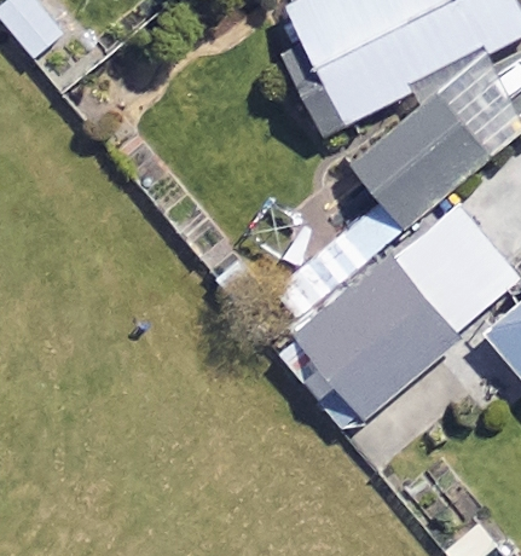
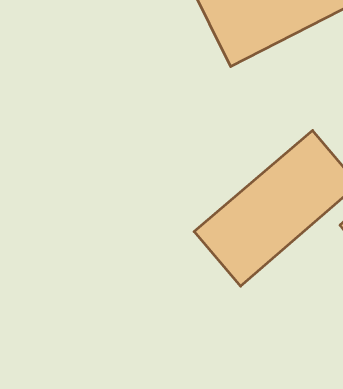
building: [353,99,484,231] -> none

